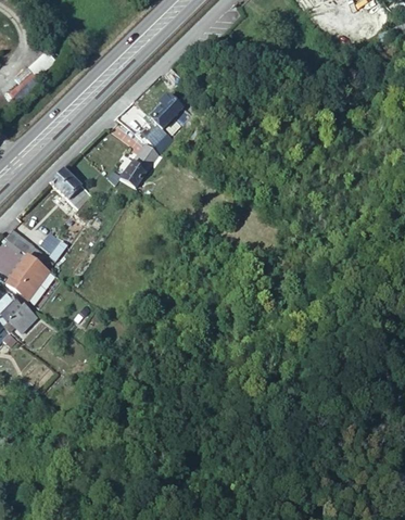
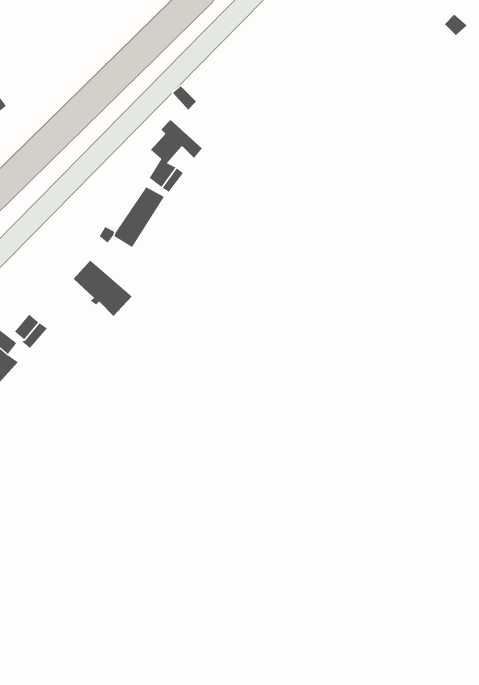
building: [47,167,91,210] -> [73,260,133,317]

